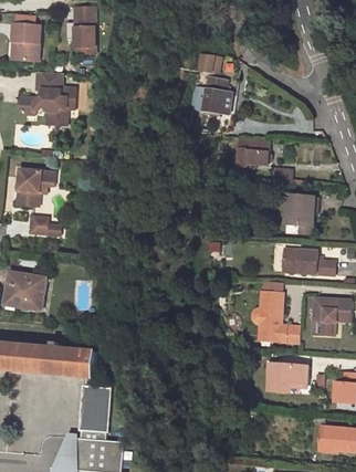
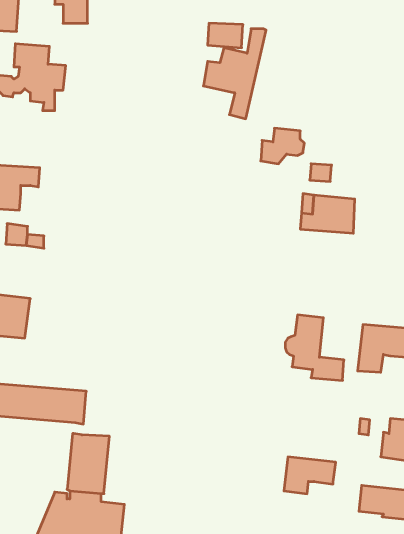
building: [286,245,337,271] -> none
building: [264,364,306,394] -> [284,457,336,494]

